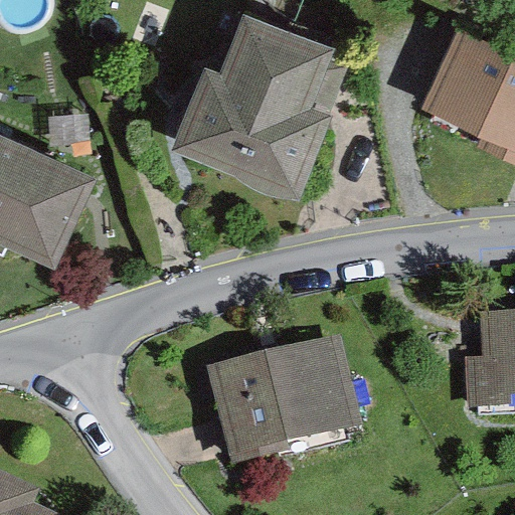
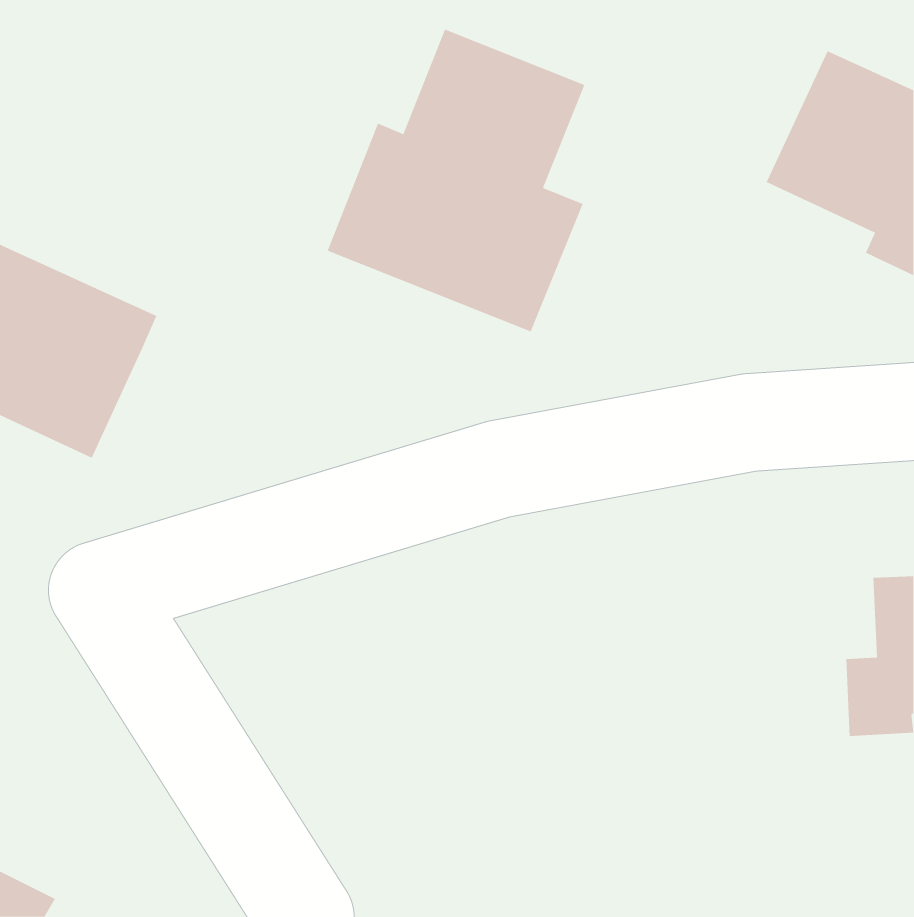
building: [215,347,358,460] -> none

